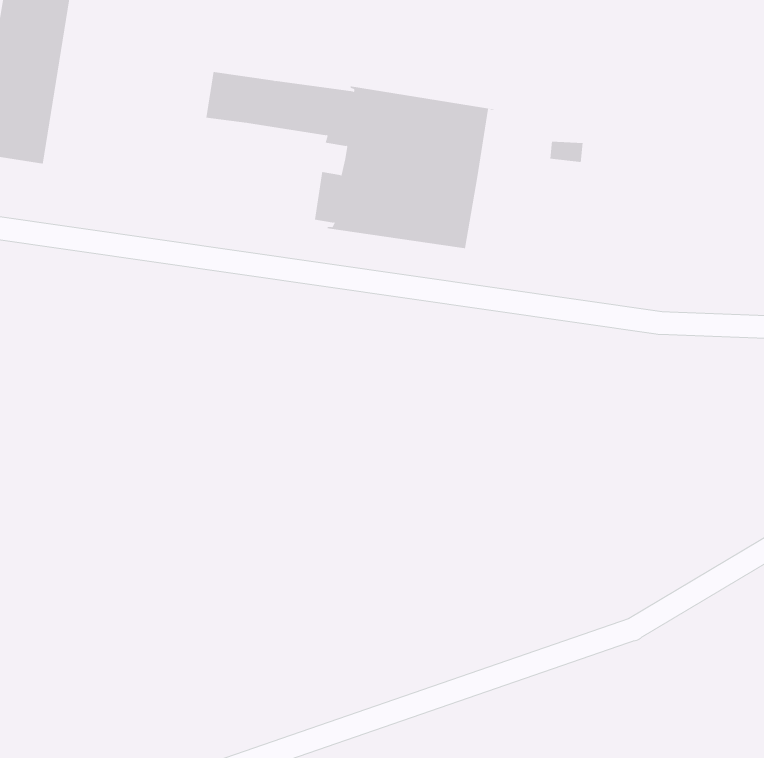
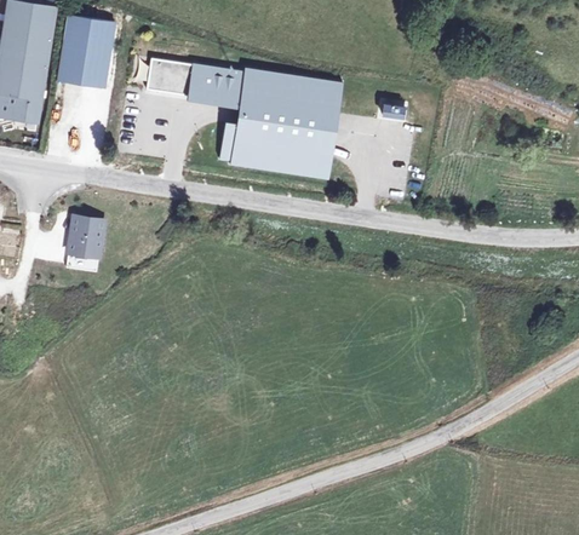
building: none -> [57,15,116,88]
building: none -> [71,215,107,257]

